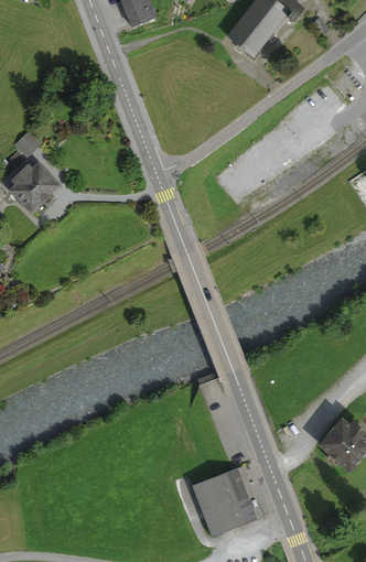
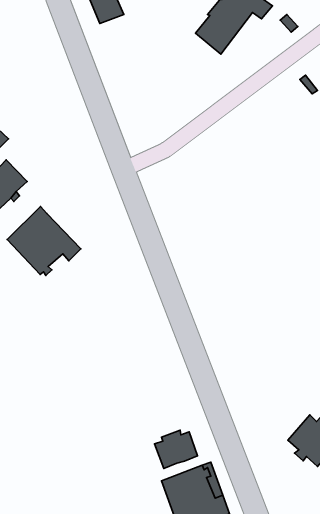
building: none -> [7,207,81,275]
building: none -> [155,430,198,468]

